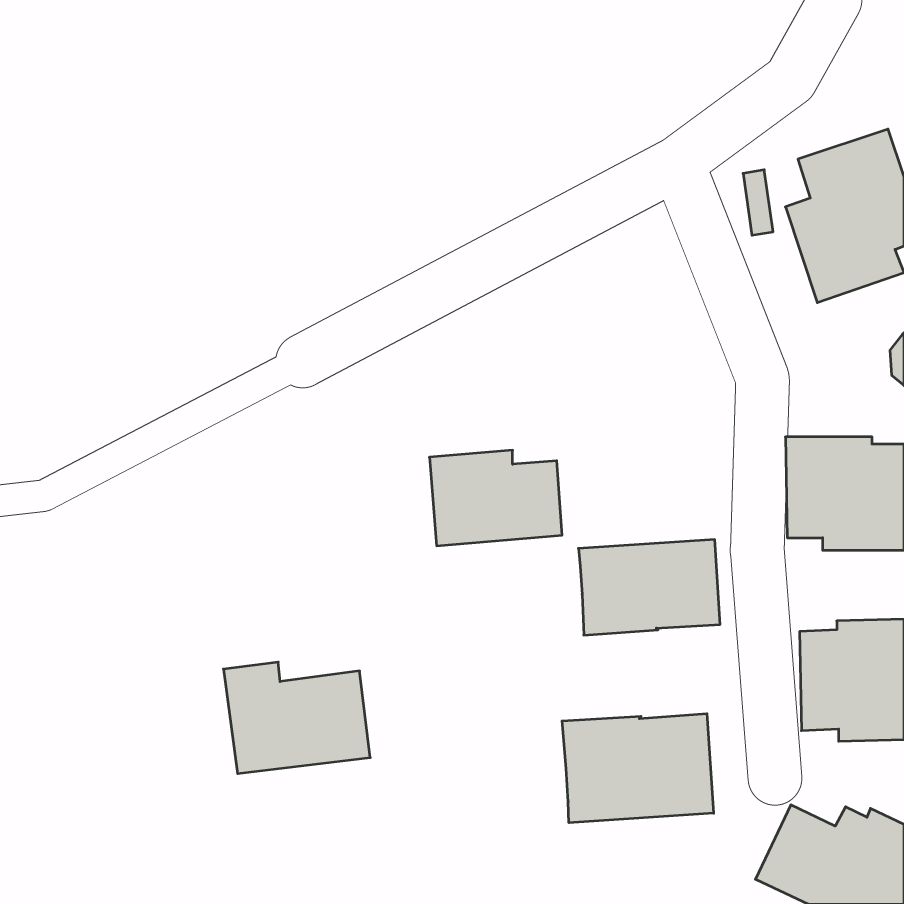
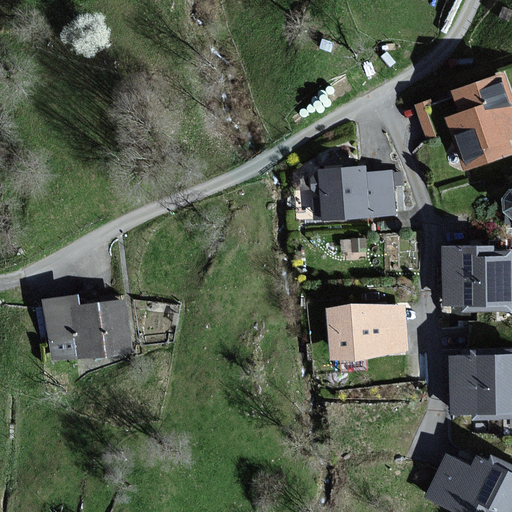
building: [429,450,562,546] -> [319,165,394,219]
building: [223,662,370,774] -> [47,296,130,359]
building: [562,714,714,823] -> none

